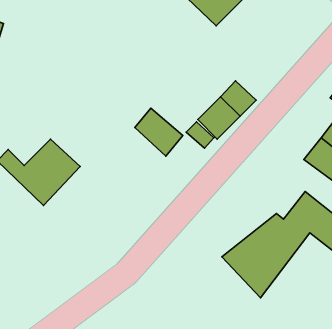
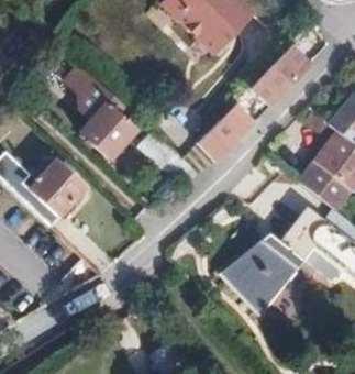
building: none -> [253,47,309,105]
building: none -> [67,68,137,160]

